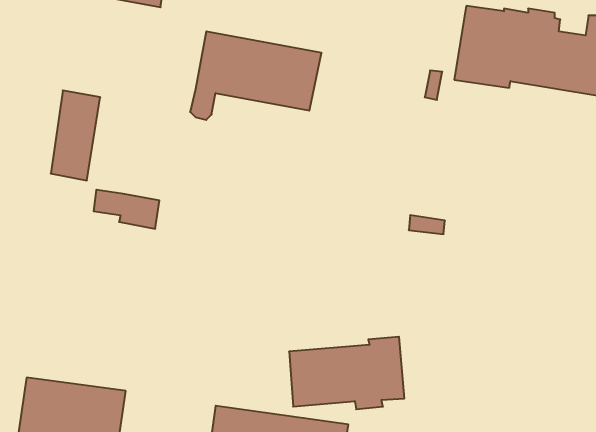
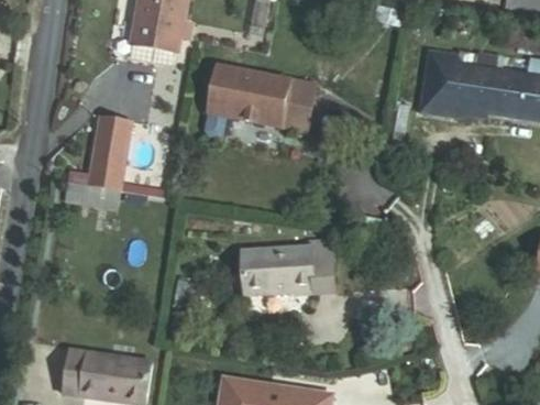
building: [94,190,159,229] -> [65,180,119,212]
building: [289,337,404,409] -> [241,240,335,299]

